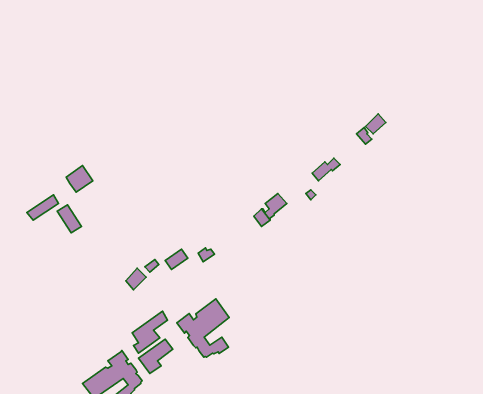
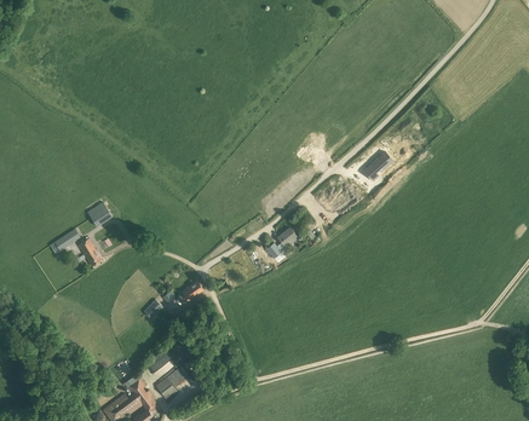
building: [177,299,229,357] -> none

